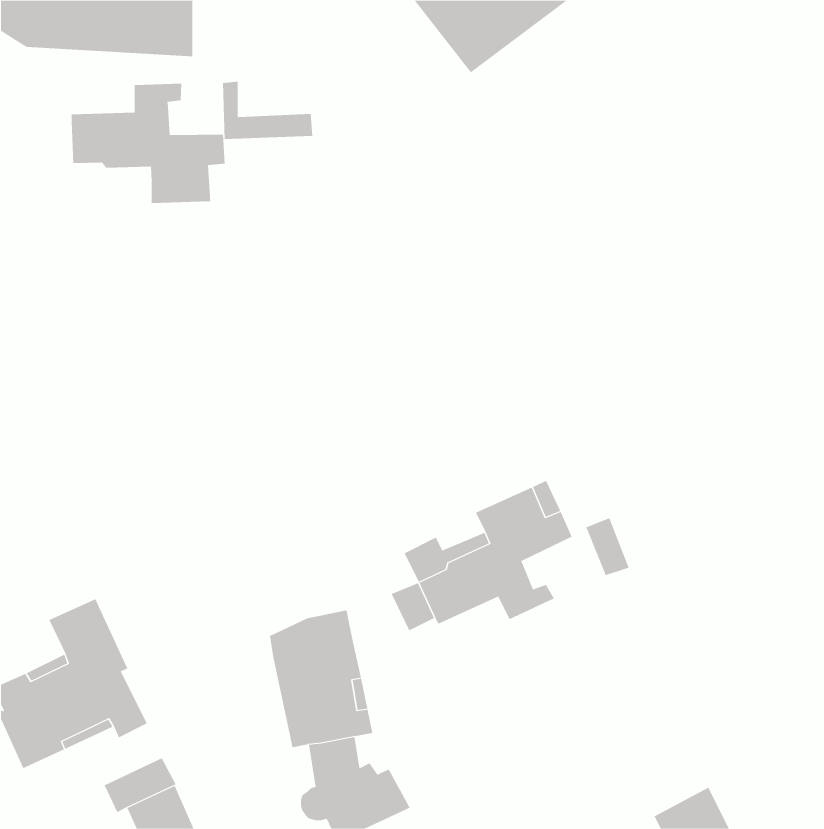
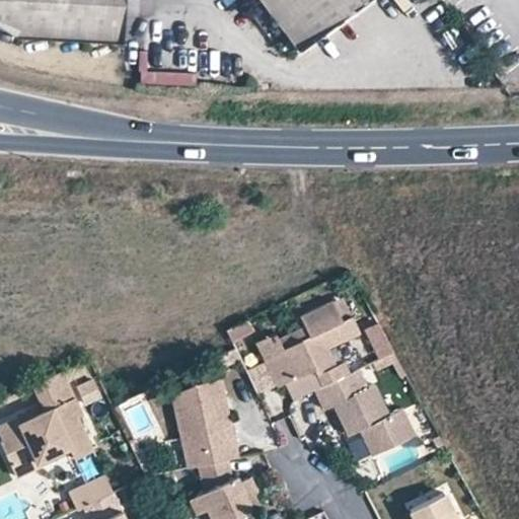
building: [71,83,225,204] -> none
building: none -> [315,370,416,455]

